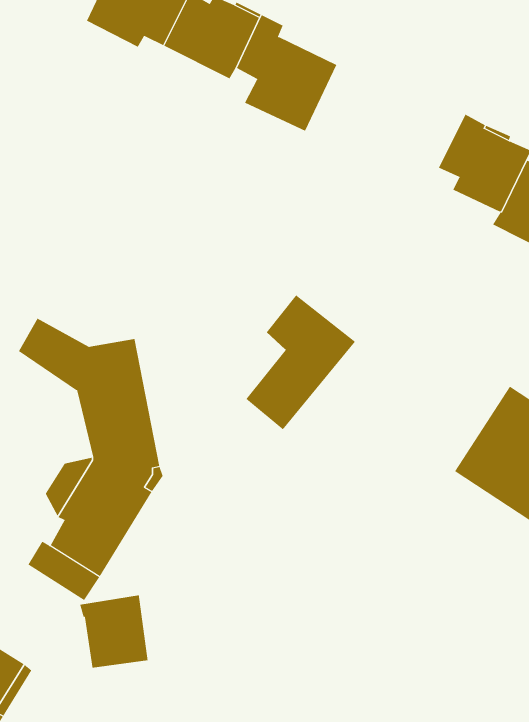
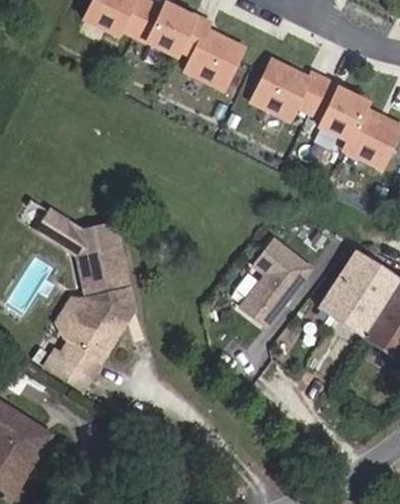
building: none -> [251,58,327,120]
building: [245,294,356,430] -> [241,239,312,326]
building: [80,594,148,669] -> none

